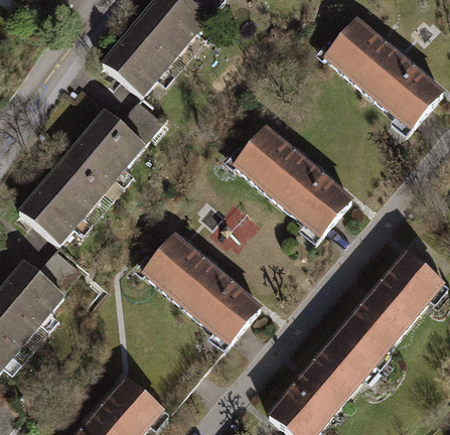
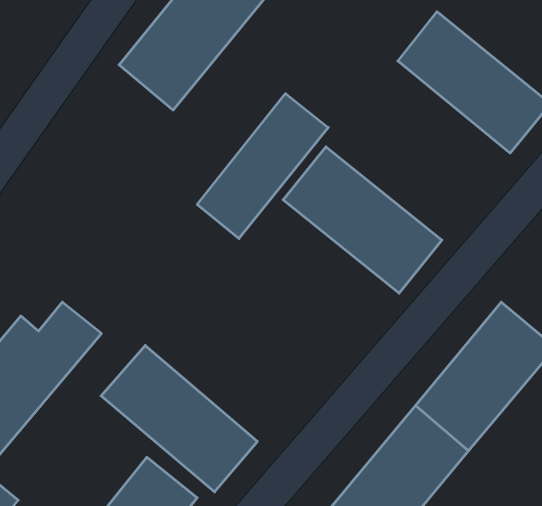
building: none -> [197,94,328,239]
building: [20,100,165,245] -> none
building: [138,231,263,347] -> [101,345,257,492]

